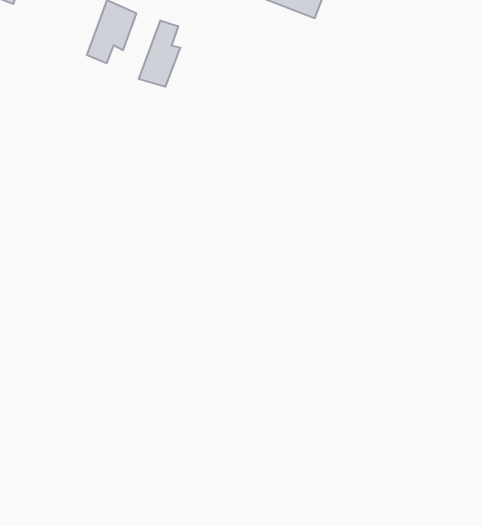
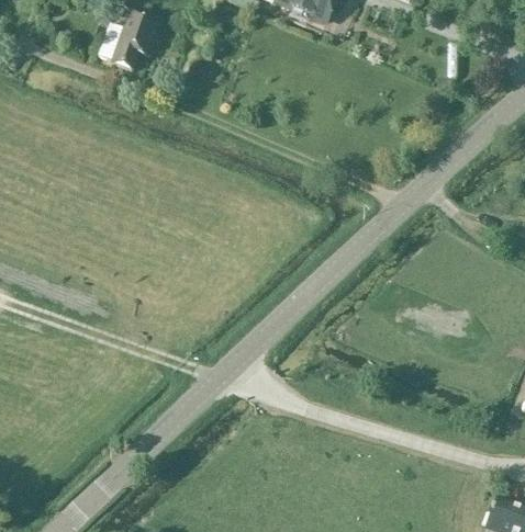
building: [139,20,180,87] -> none

